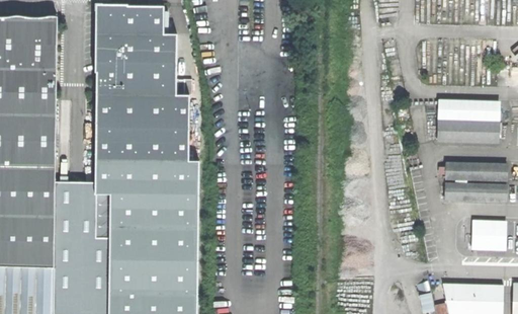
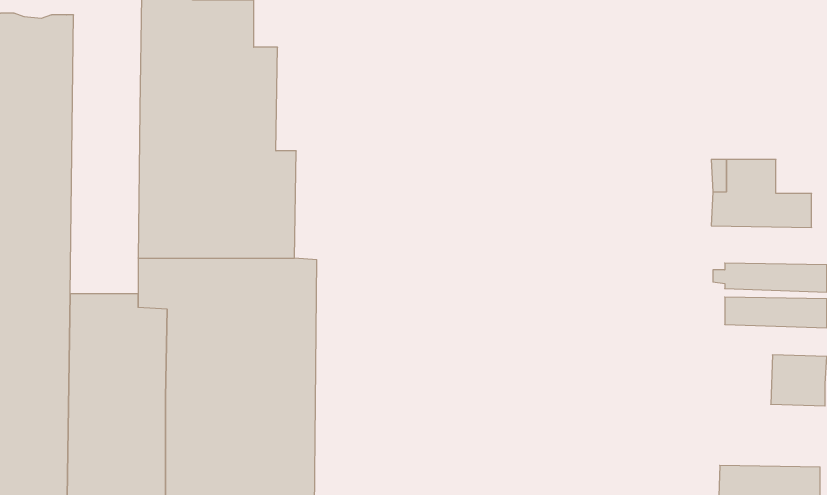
building: [473,102,495,123] -> none

